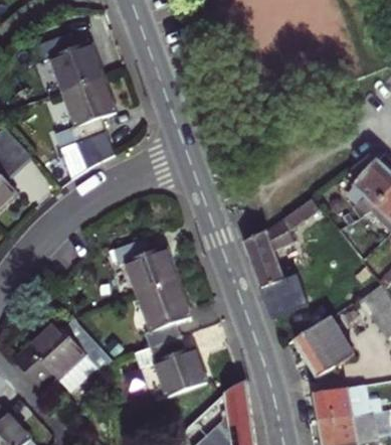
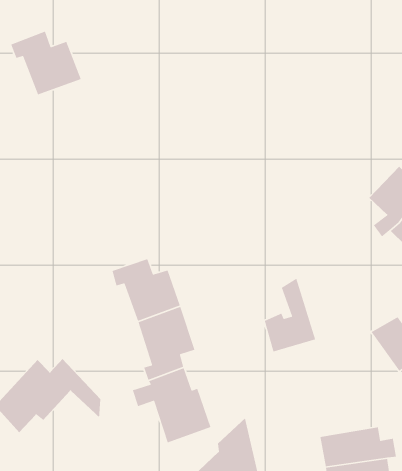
building: [52,77,116,178] -> none
building: [244,202,320,290] -> none
building: [296,317,355,375] -> none

